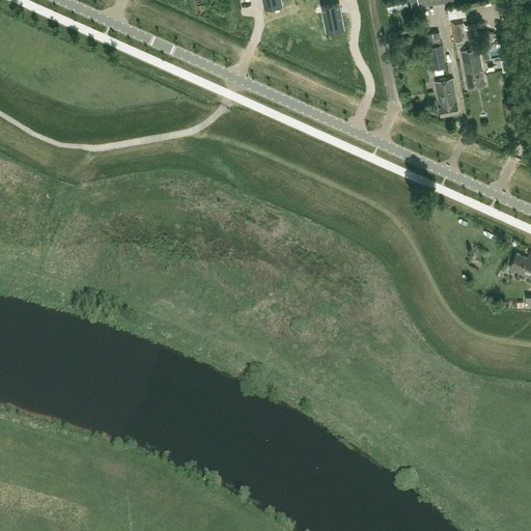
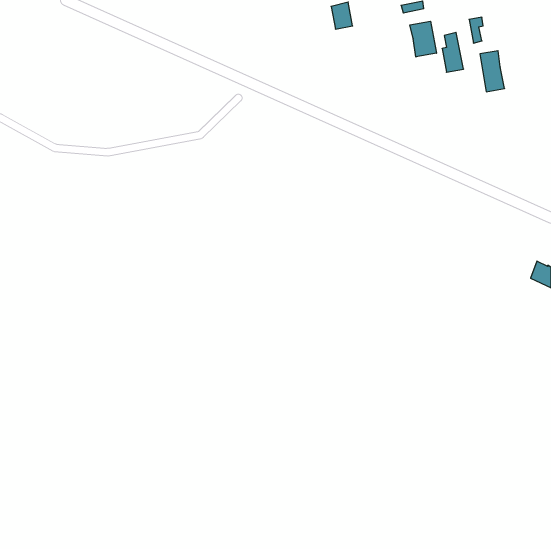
building: none -> [410,21,436,57]
building: [436,80,459,117] -> none

